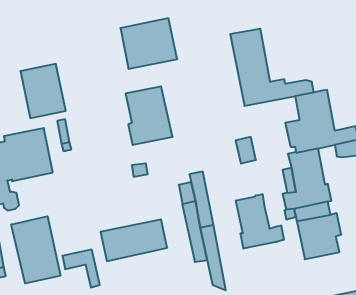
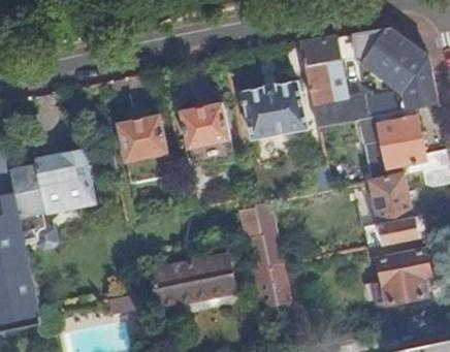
building: [120,18,177,69] -> [240,78,307,137]
building: none -> [352,27,437,106]
building: [20,64,66,118] -> [117,115,169,178]
building: [236,194,284,249] -> none
building: [11,216,60,283] -> none

